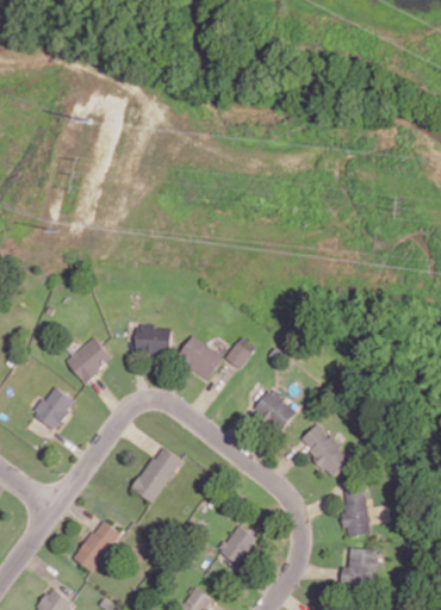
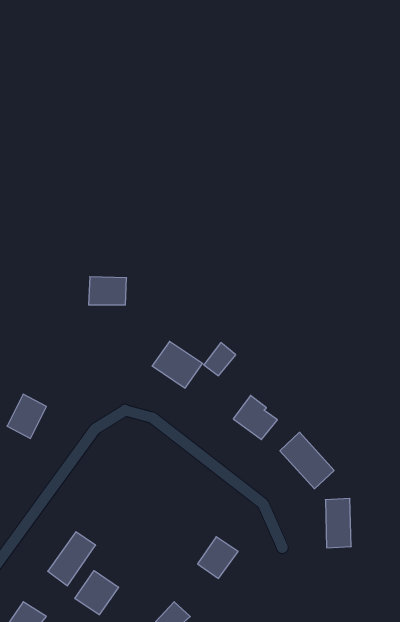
building: [135,325,172,353] -> [89,277,127,305]
building: [66,336,113,382] -> none
building: [132,446,182,503] -> none
building: [342,548,378,586] -> none
building: none -> [75,571,119,615]

